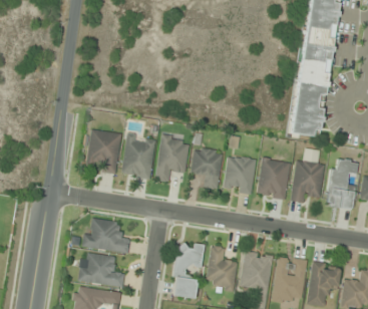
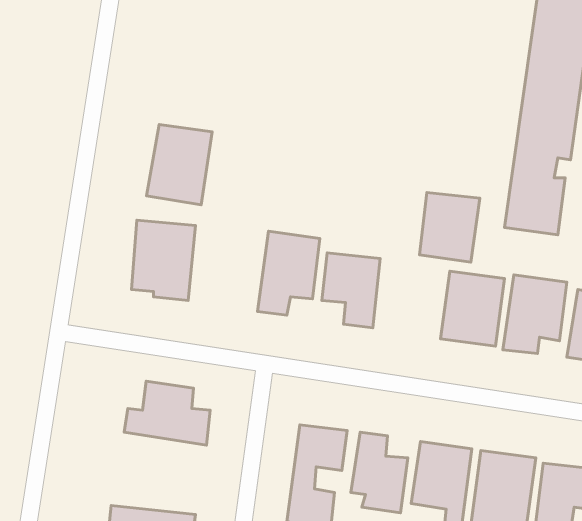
building: [120,134,156,179] -> [146,124,212,205]
building: [224,156,257,194] -> [420,193,480,262]
building: [79,252,124,286] -> none

